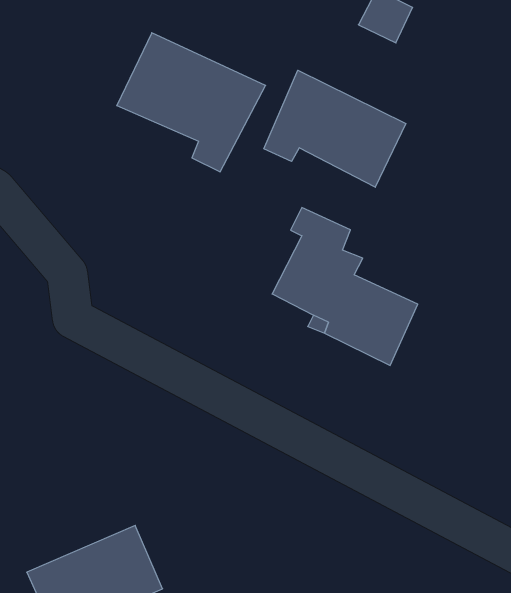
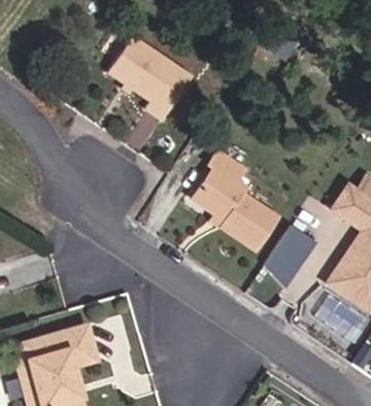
building: [264,70,406,187] -> none
building: none -> [262,225,315,285]

